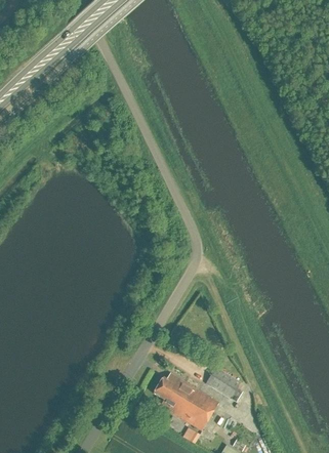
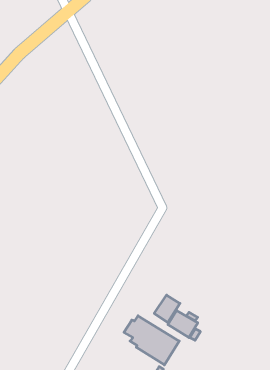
building: none -> [154,295,180,322]

